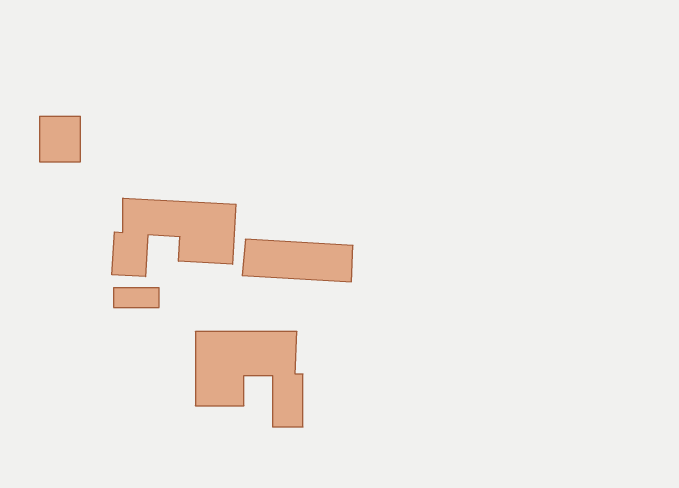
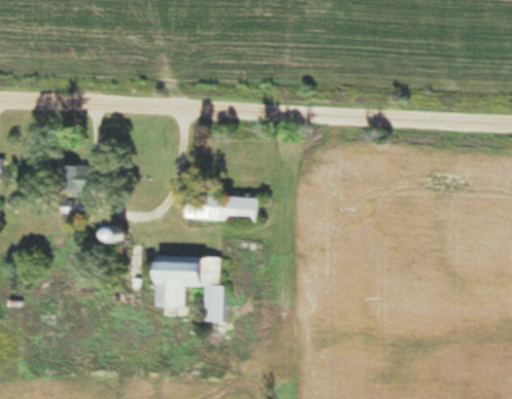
building: [40,116,80,162] -> [59,166,87,196]
building: [112,198,236,277] -> none

